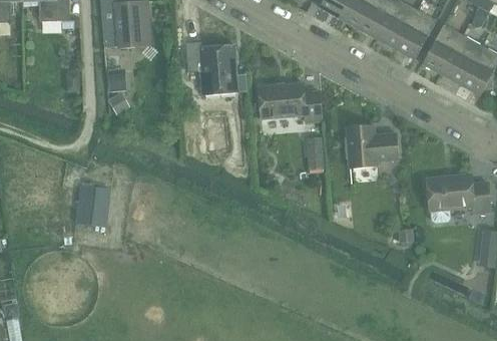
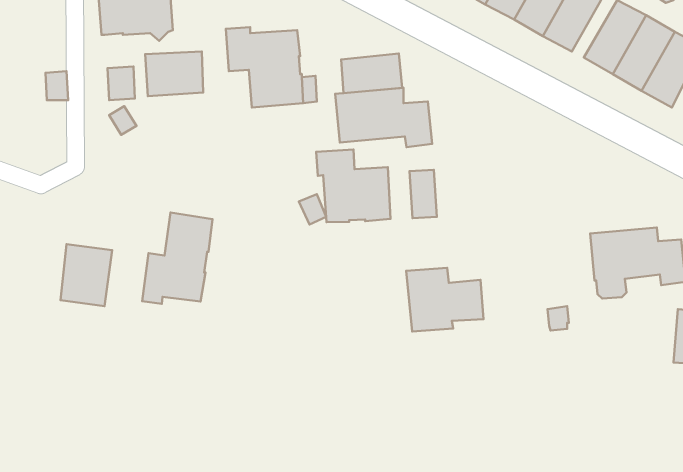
building: none -> [145,52,203,96]
building: none -> [341,53,402,93]
building: none -> [316,149,390,222]
building: [347,124,398,166] -> [406,268,484,331]
building: none -> [142,213,212,304]

